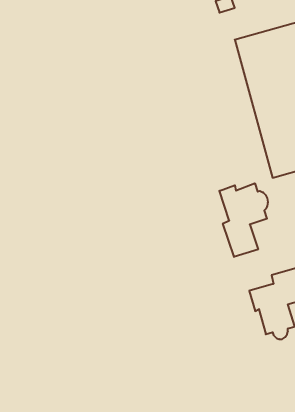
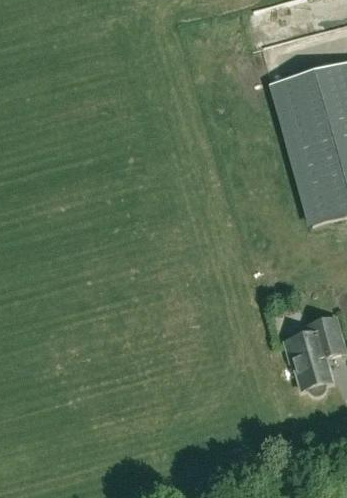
building: [219,183,268,257] -> none

